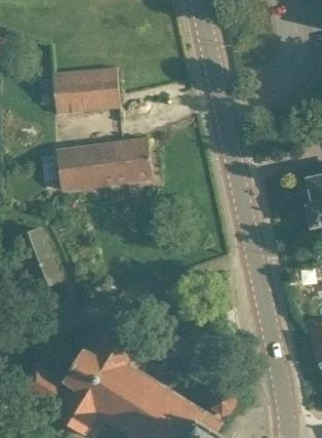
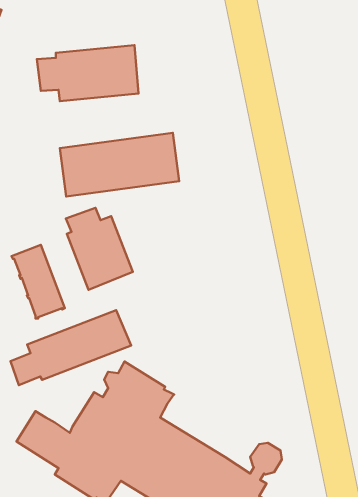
building: none -> [66,208,133,290]
building: none -> [11,310,131,385]

